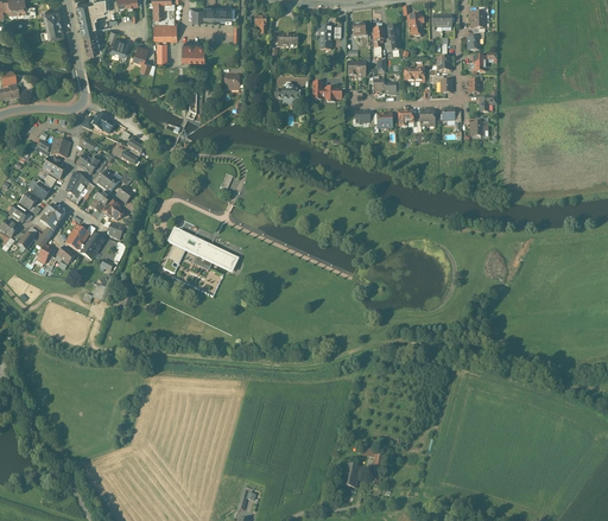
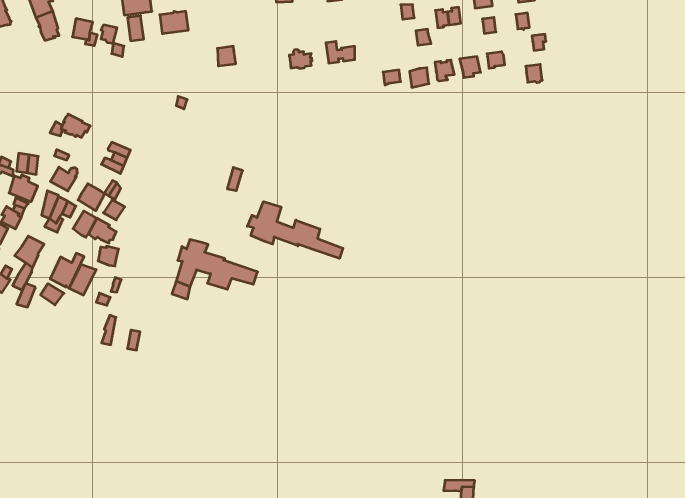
building: none -> [247,202,343,258]

